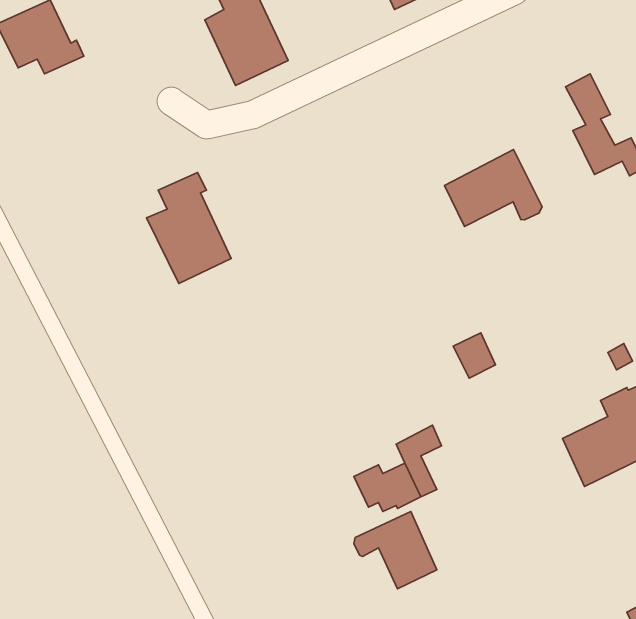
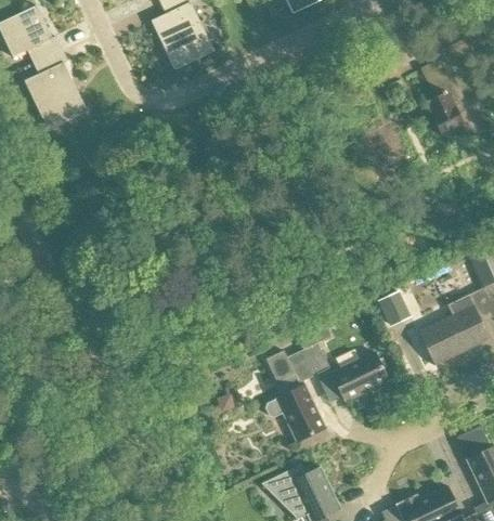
building: [444,150,542,227] -> none
building: [147,173,231,283] -> [26,48,89,130]
building: [453,333,496,378] -> [377,292,408,326]
building: none -> [333,353,389,402]

